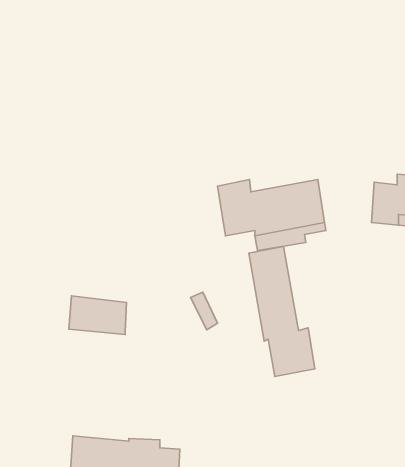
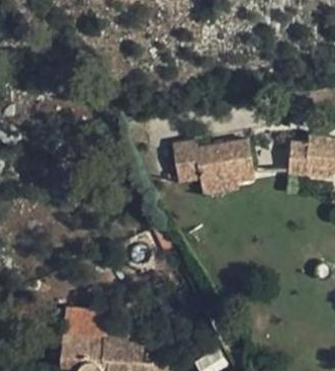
building: [249,246,315,376] -> none
building: [69,296,126,335] -> [63,307,106,337]

